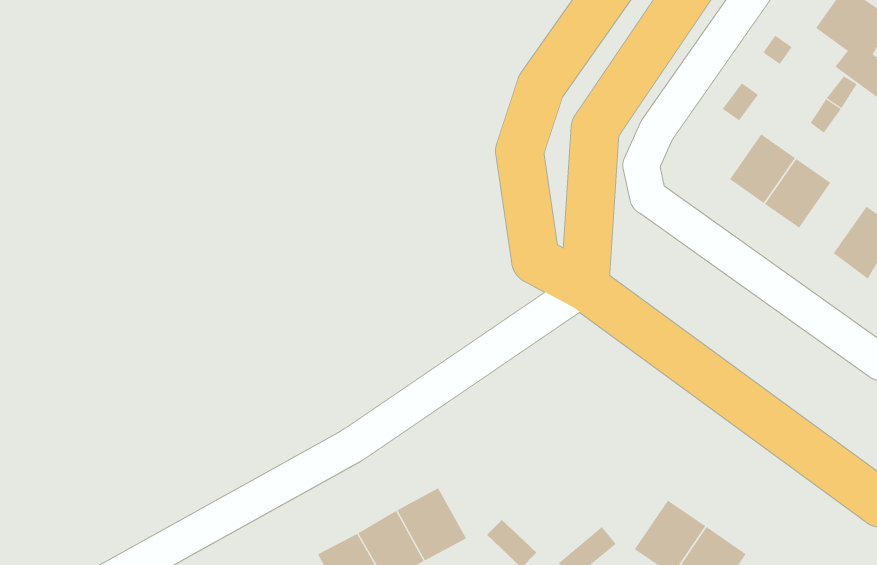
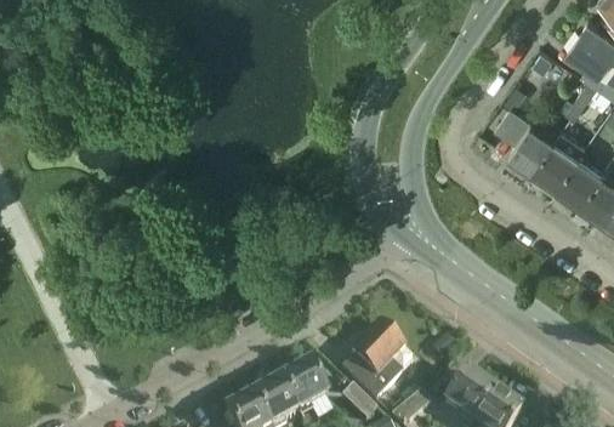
building: none -> [557,149,603,198]
building: none -> [346,319,411,395]

